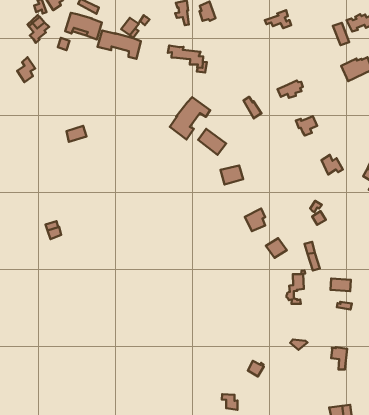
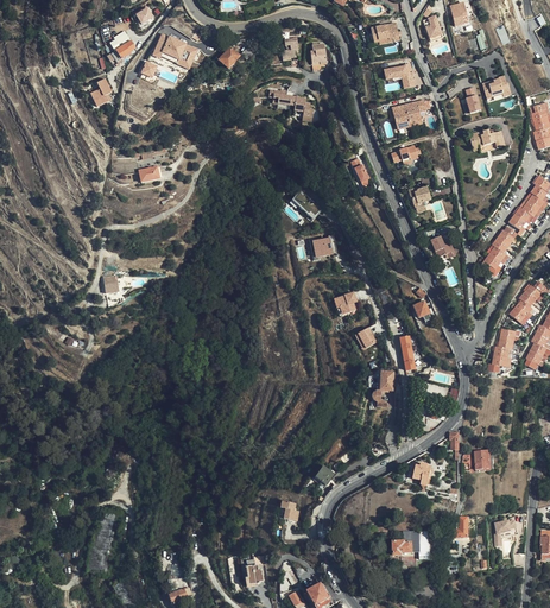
building: [98,30,141,59] -> none
building: none -> [394,101,432,129]
building: [170,97,210,140] -> none

